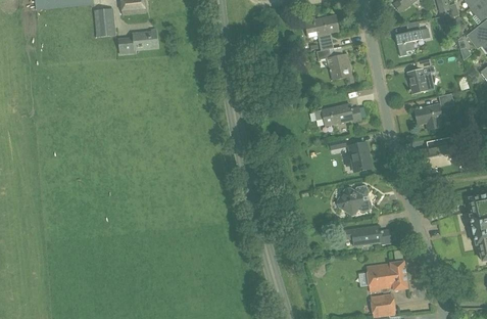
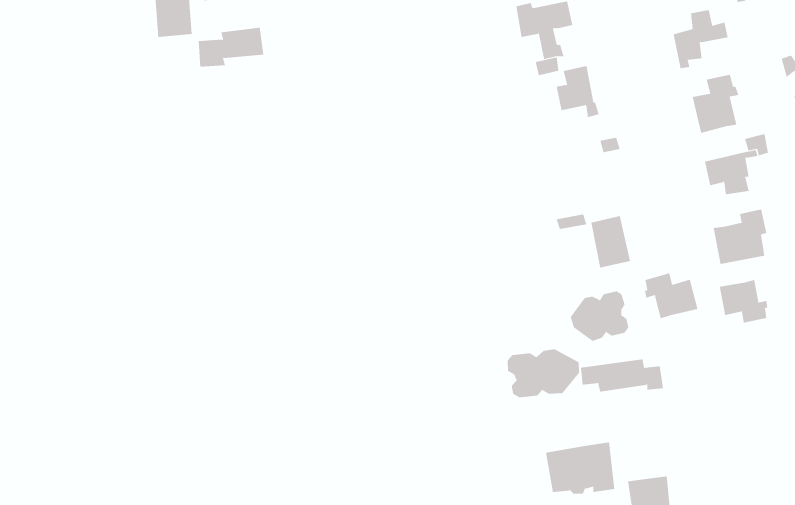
building: [313,102,360,124] -> none
building: none -> [644,272,698,319]
building: none -> [719,279,768,323]
building: none -> [507,349,580,398]
building: [366,260,406,290] -> [545,442,615,494]

